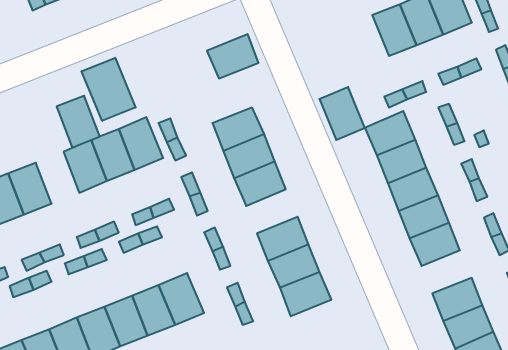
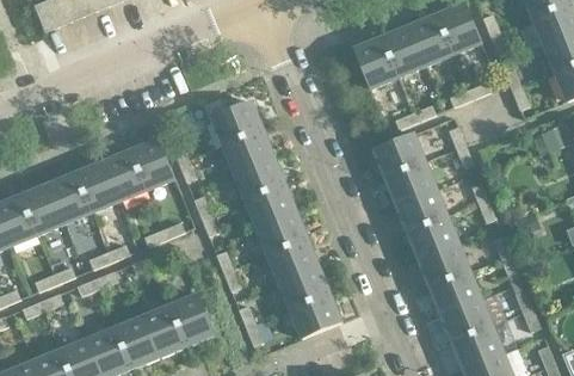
building: [207,34,259,78] -> [211,100,263,144]
building: [82,58,136,121] -> none
building: [319,87,365,140] -> [353,37,399,90]
building: [57,96,100,147] -> [48,173,91,224]
building: none -> [257,210,308,254]
building: none -> [431,271,481,314]

